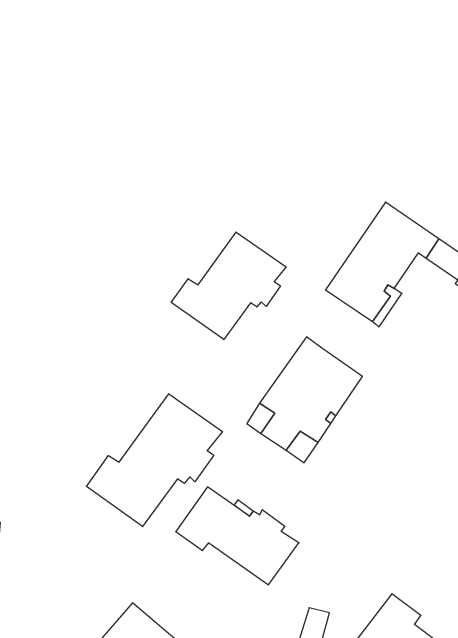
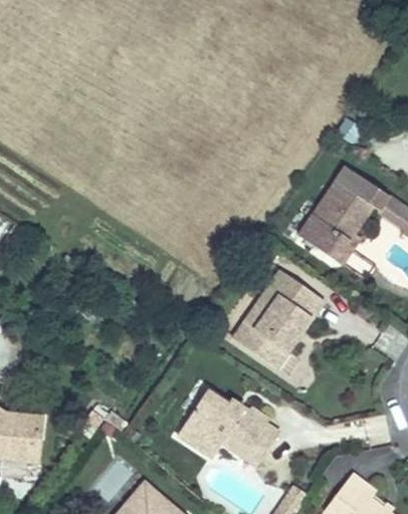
building: [171,232,286,340] -> none
building: [86,394,222,527] -> none

